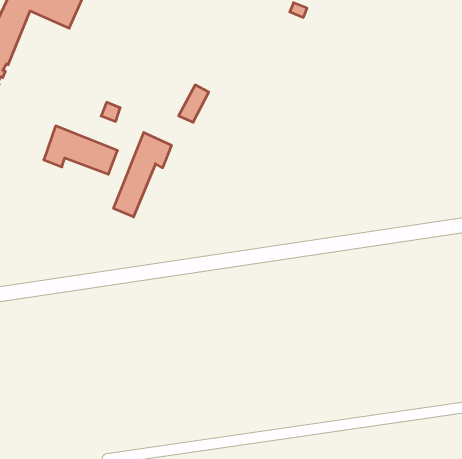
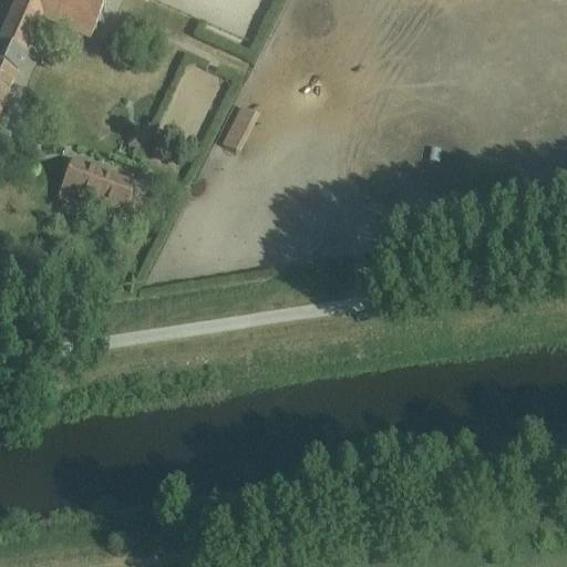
building: [114,132,171,217] -> none

